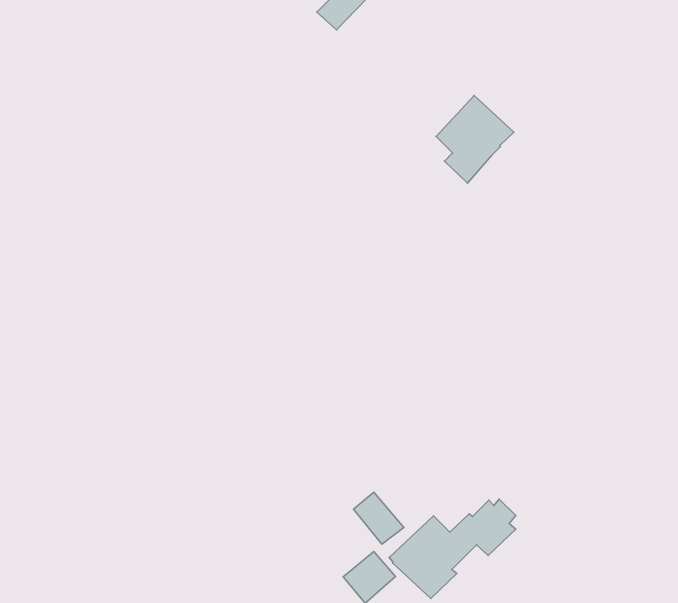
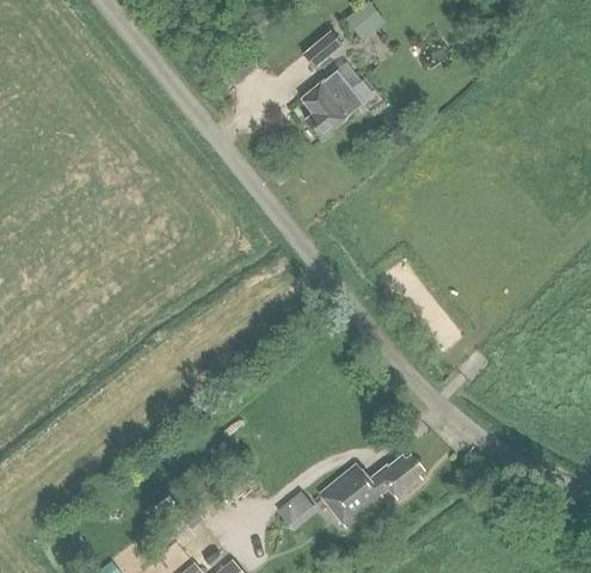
building: [436,95,514,183] -> [300,69,362,138]
building: [353,492,404,544] -> none

